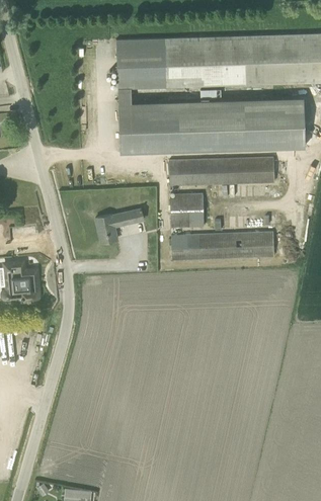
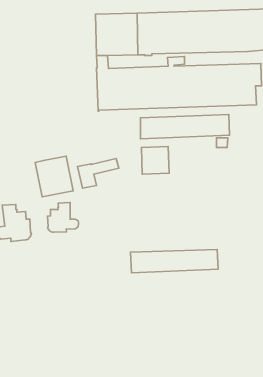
building: none -> [35,156,73,197]
building: [171,234,273,261] -> [131,249,218,273]
building: none -> [47,202,79,232]

